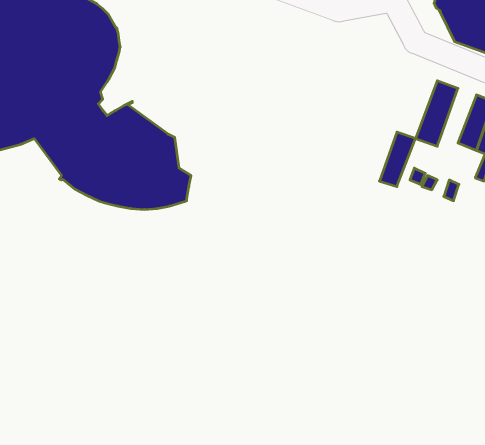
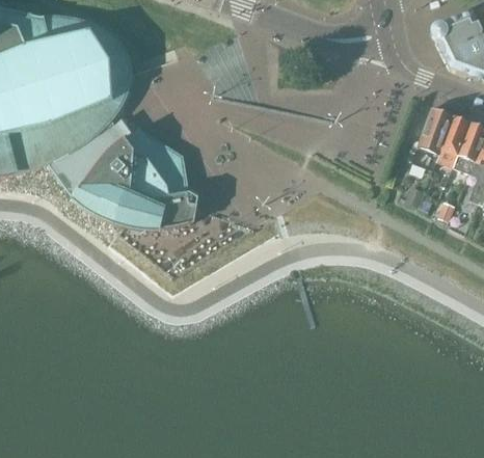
building: [379,132,415,187] -> [436,113,470,165]

